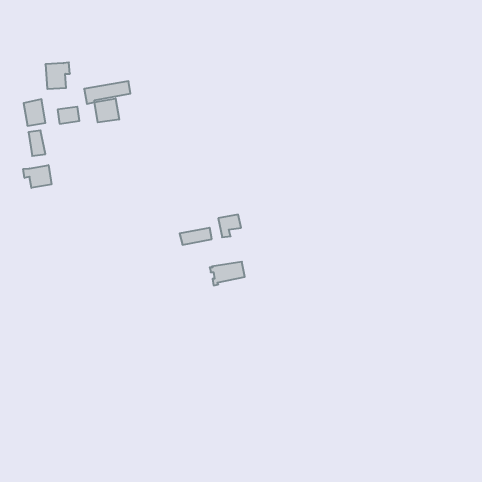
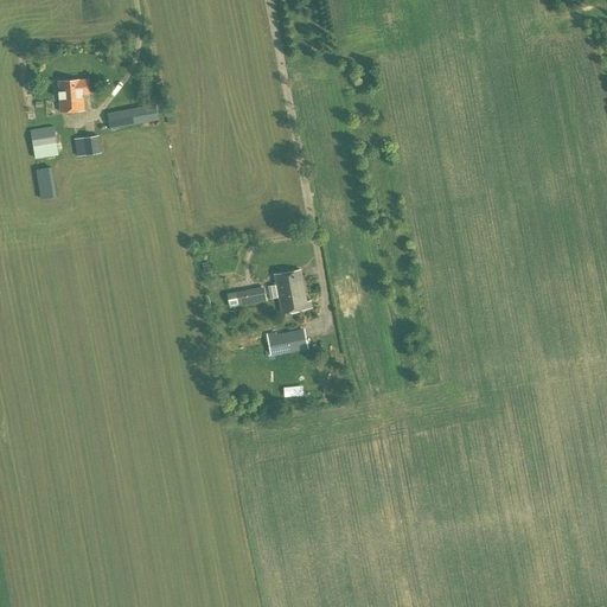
building: [95,98,119,122] -> none
building: [23,165,51,188] -> none
building: none -> [279,286,311,313]

